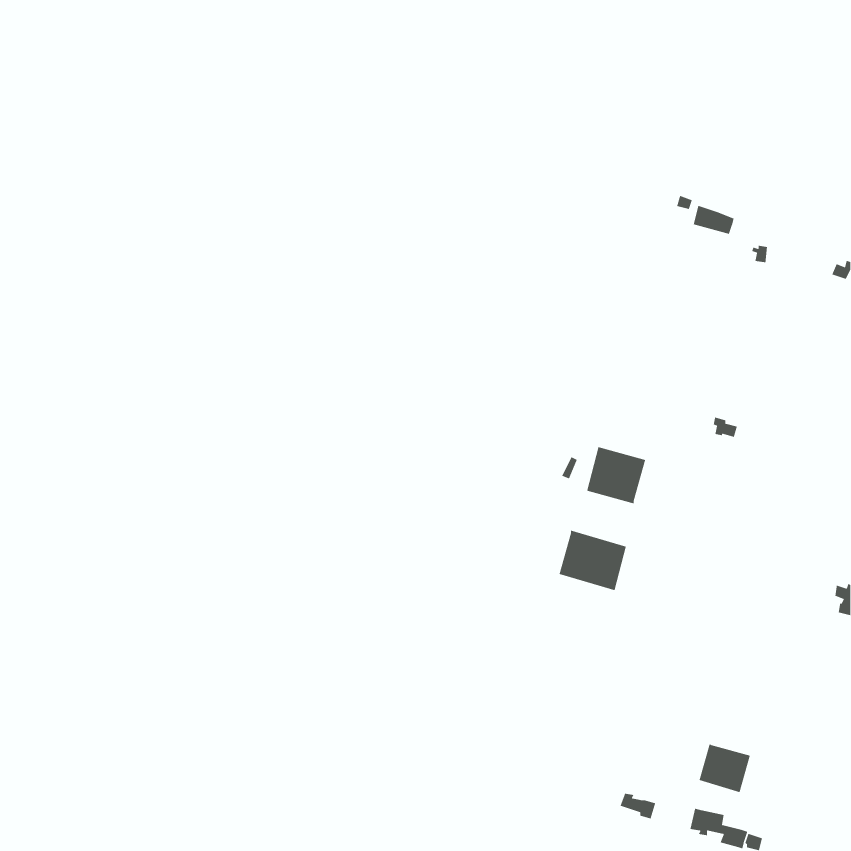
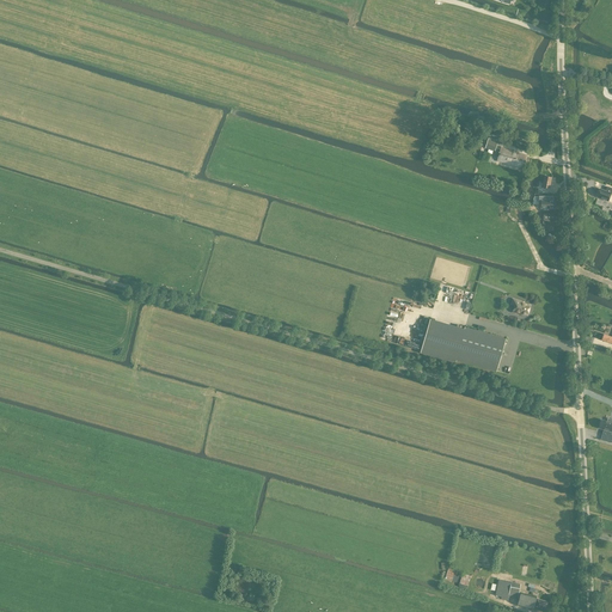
building: [559,530,627,591] -> [455,328,504,372]
building: [699,743,751,793] -> none

